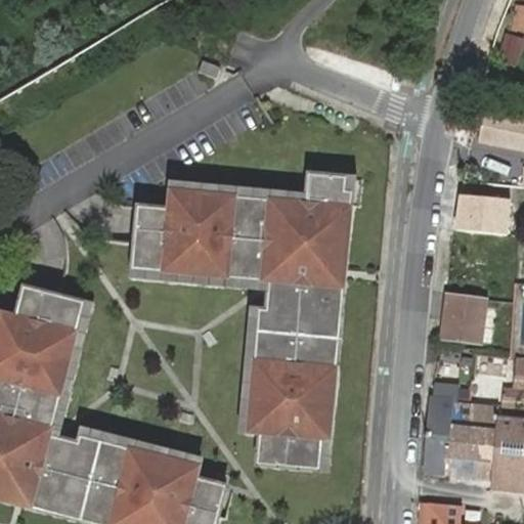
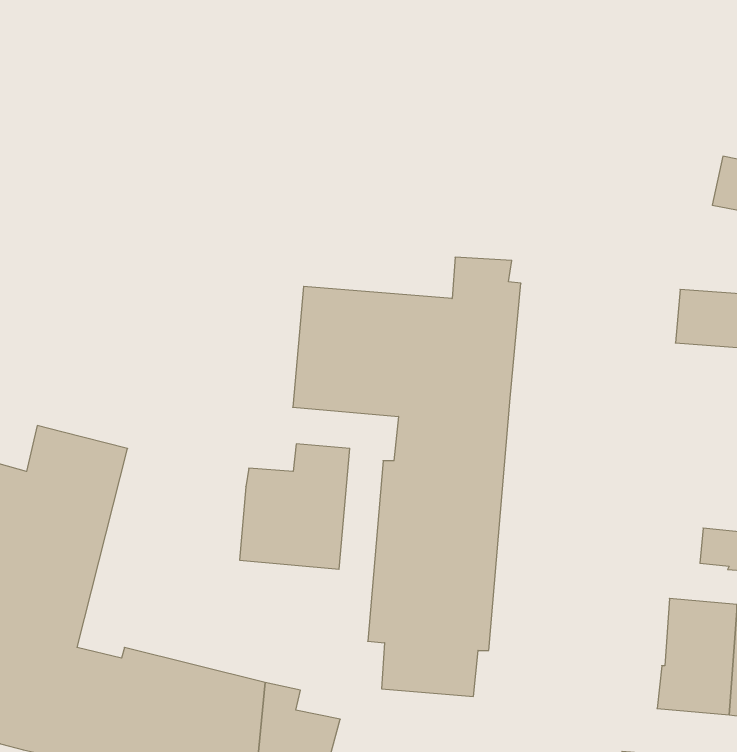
building: [132,190,206,274] -> [240,444,350,569]
building: [441,296,487,343] -> none
building: [421,386,451,476] -> none

